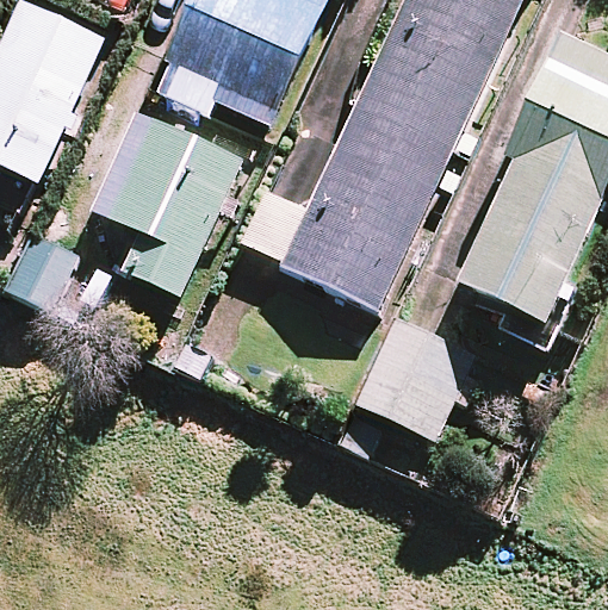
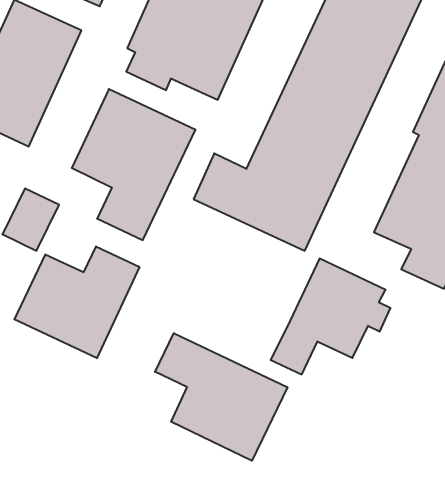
building: none -> [14,246,139,358]
building: none -> [155,333,287,461]

